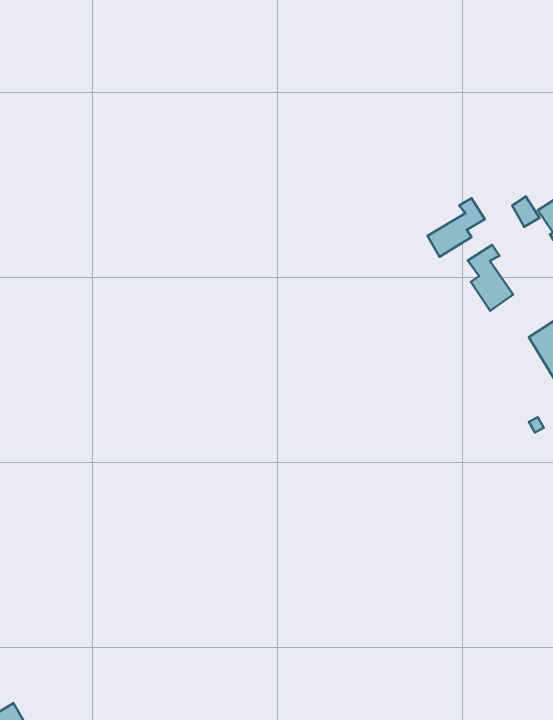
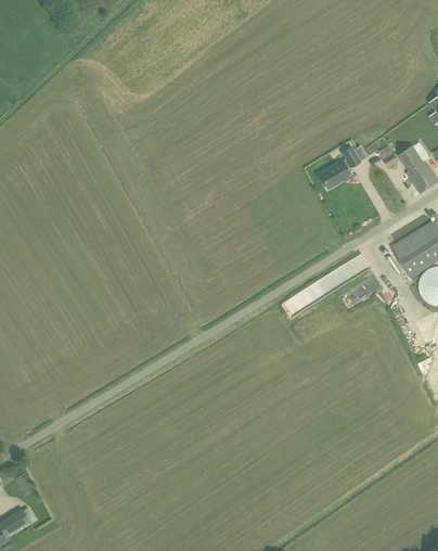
building: [468,245,513,311] -> none

